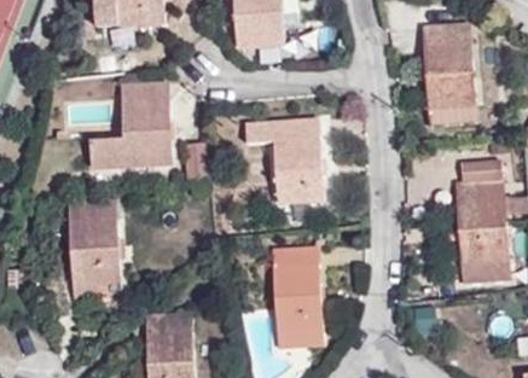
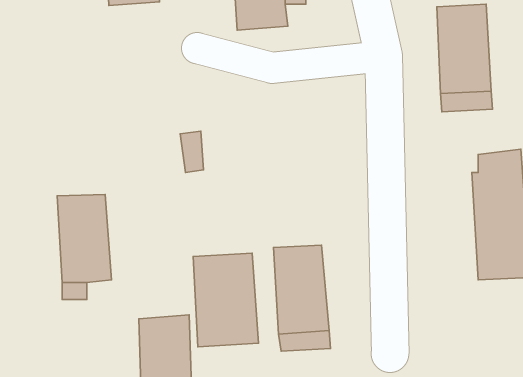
building: [89,83,172,168] -> none
building: [245,118,324,203] -> none
building: none -> [193,253,258,347]

